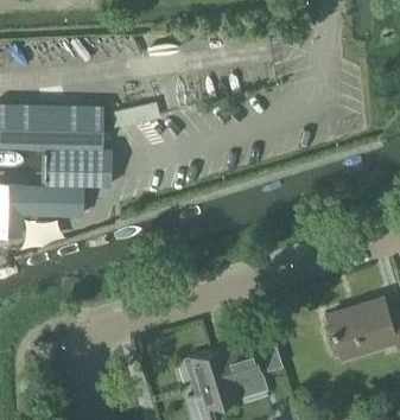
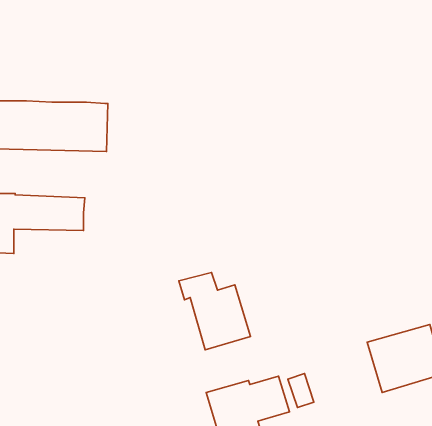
building: [44,148,113,189] -> none
building: none -> [179,273,251,350]

